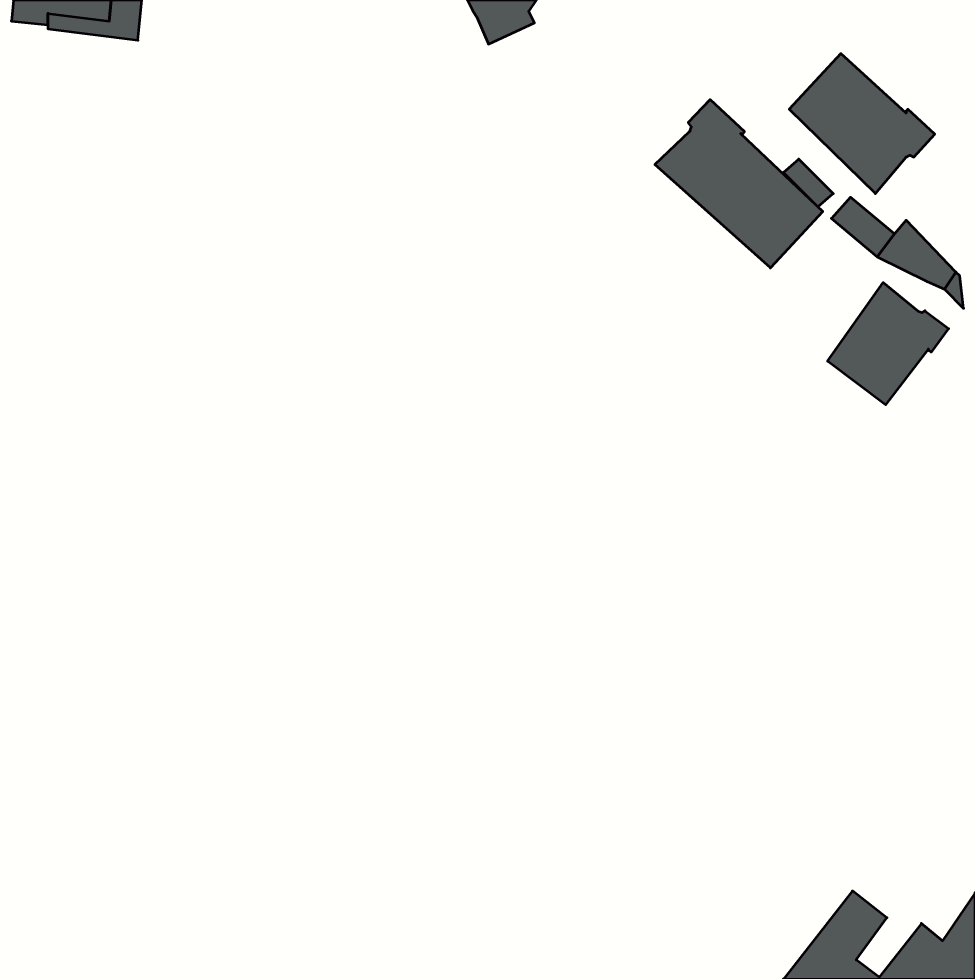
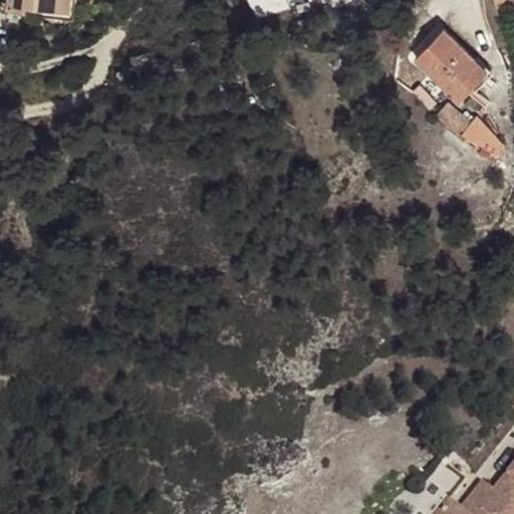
building: [655,100,823,268] -> none
building: [828,283,949,405] -> none

